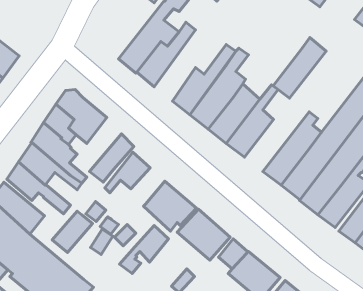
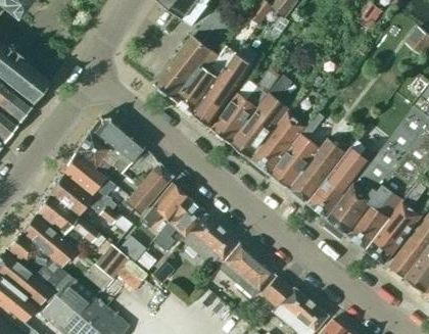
building: none -> [193,53,252,127]
building: [273,38,326,98] -> [289,137,345,201]
building: [120,225,169,274] -> [152,199,204,250]

